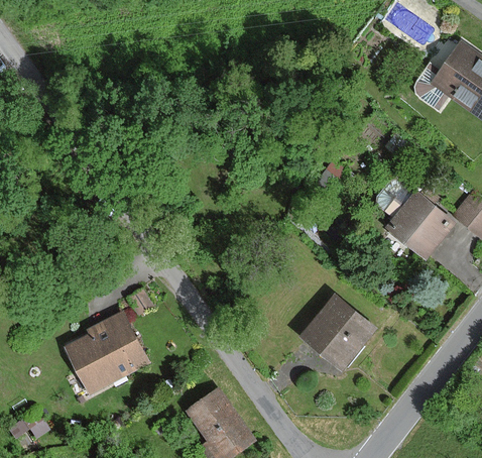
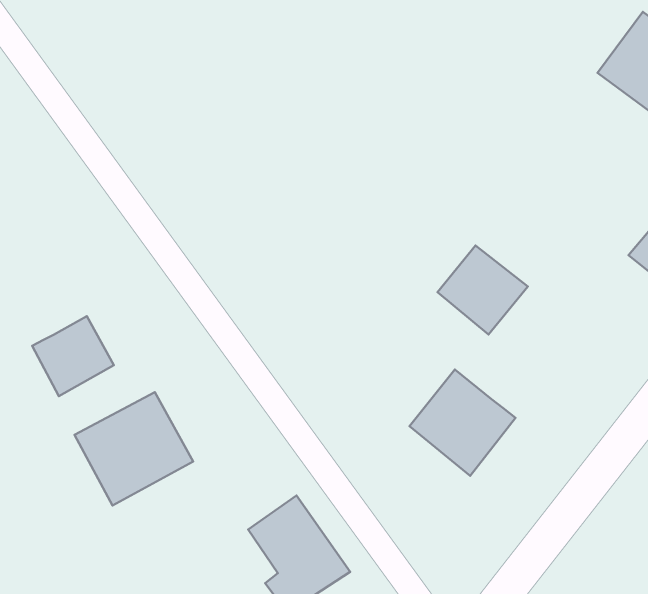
building: [389,192,454,255] -> [437,246,528,335]
building: none -> [32,316,114,396]

